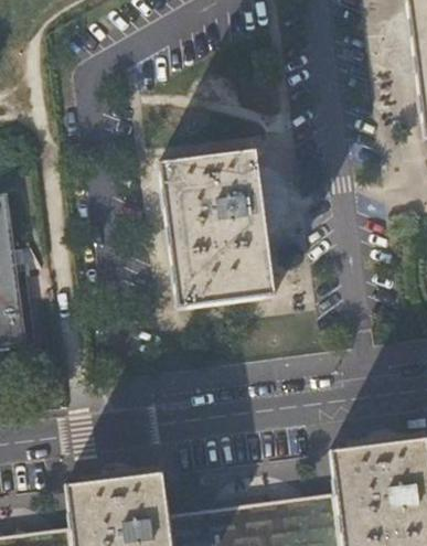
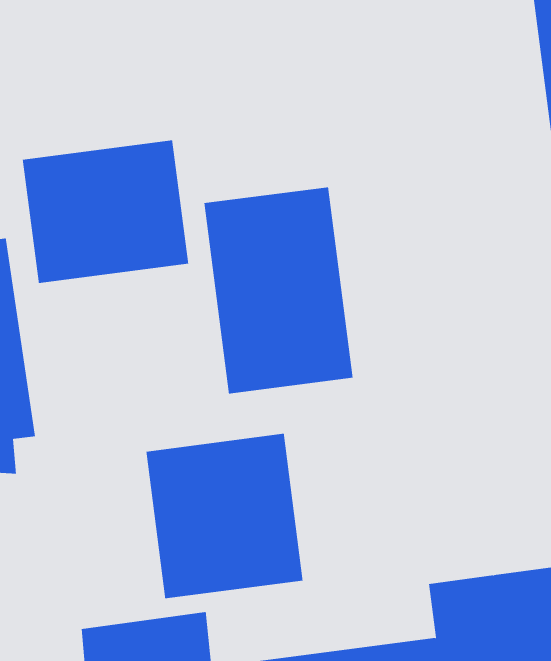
building: none -> [22,140,189,284]
building: none -> [146,433,303,599]

